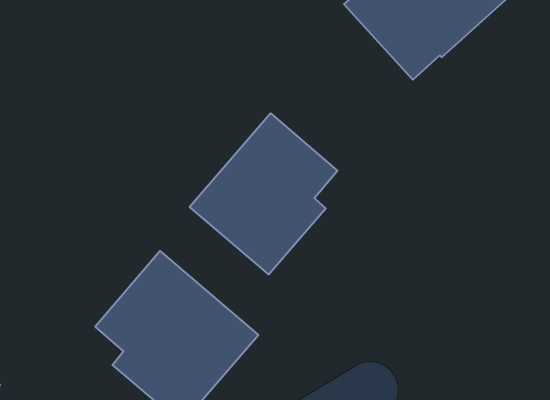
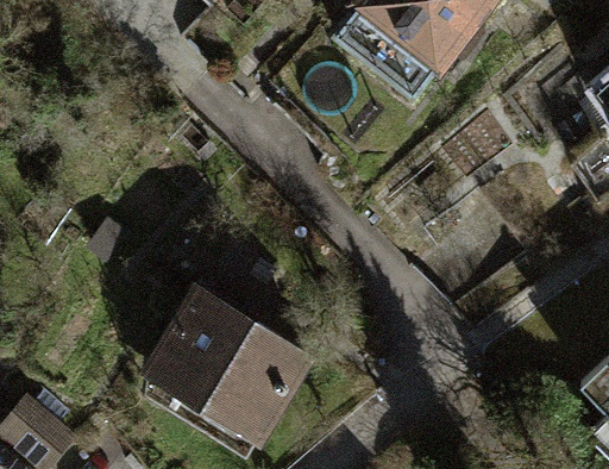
building: [190,113,337,274] -> none

